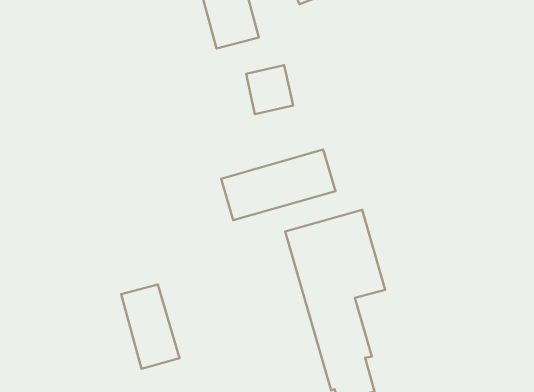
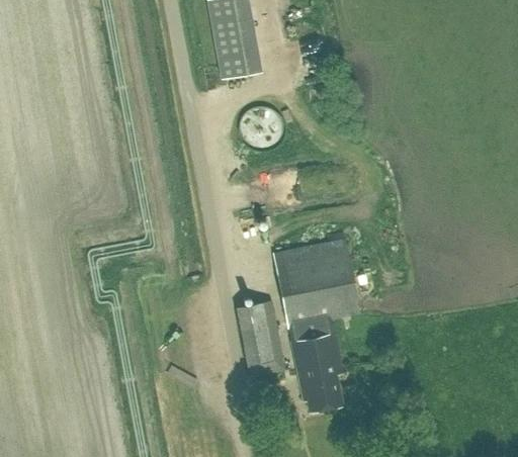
building: [221,149,335,220] -> none
building: [121,285,179,369] -> [237,300,285,376]

